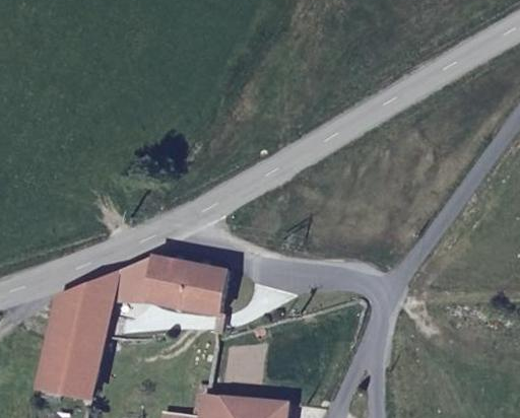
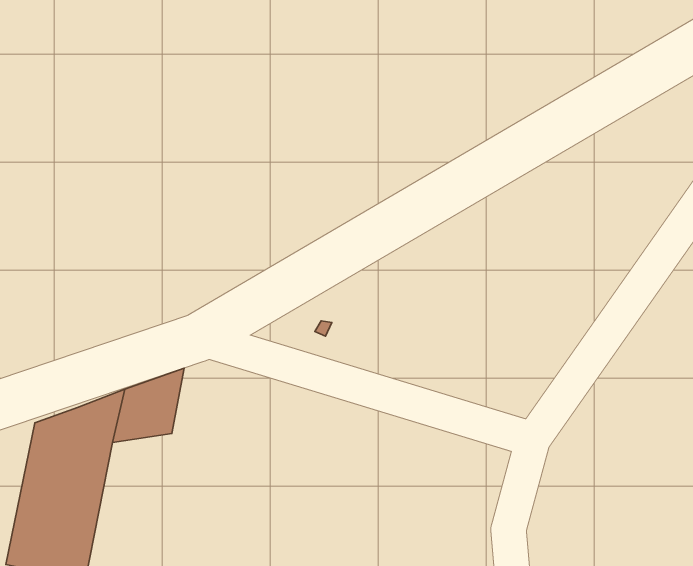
building: [148,256,231,316] -> none

